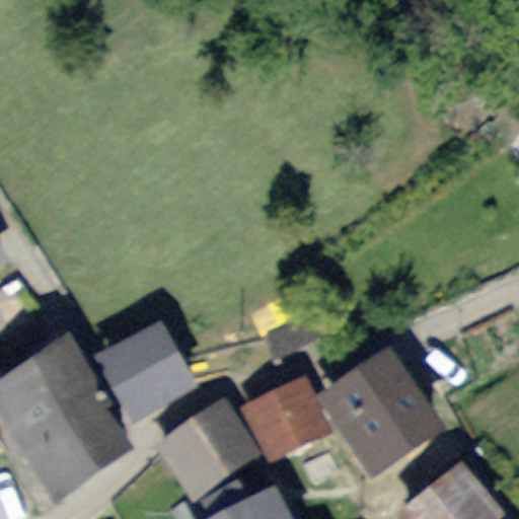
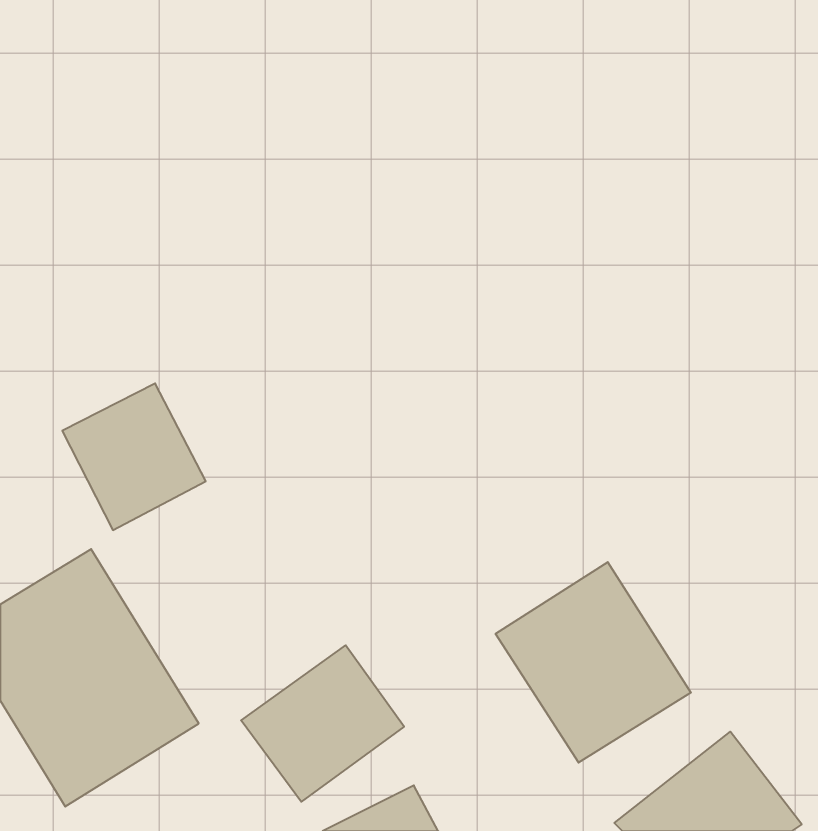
building: [103,323,193,415] -> [62,383,206,530]
building: [244,380,328,462] -> none

